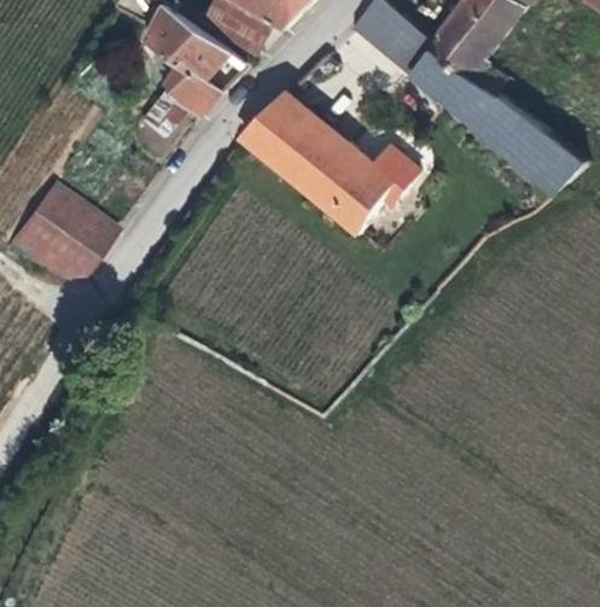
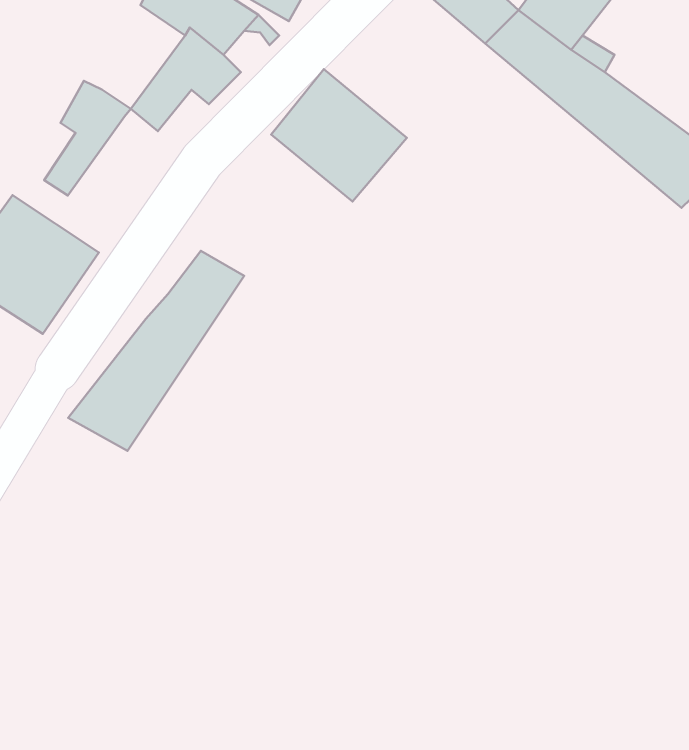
building: none -> [44,81,131,196]
building: [304,140,416,229] -> none
building: none -> [68,251,244,451]

